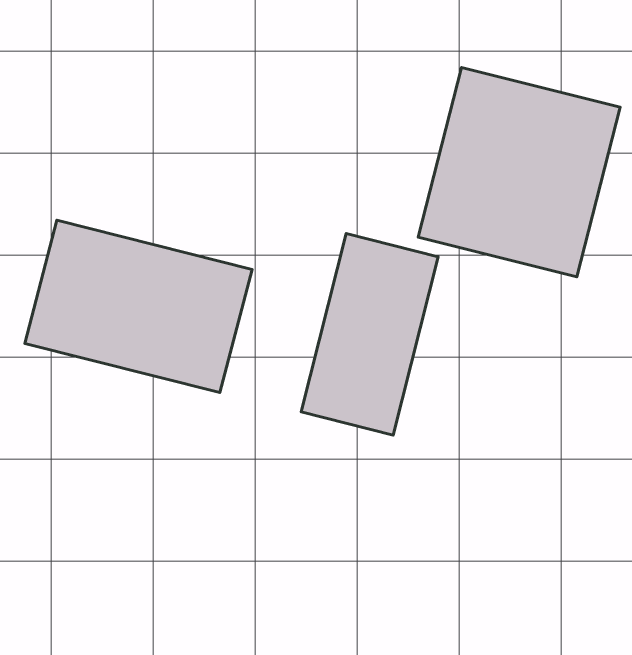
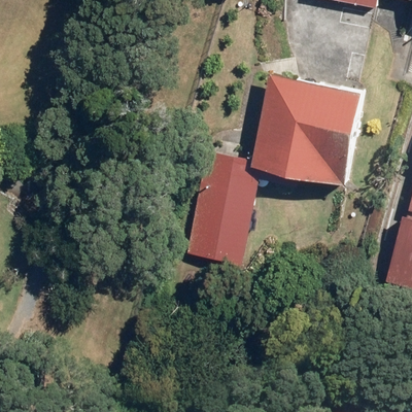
building: [25,220,252,393] -> none

